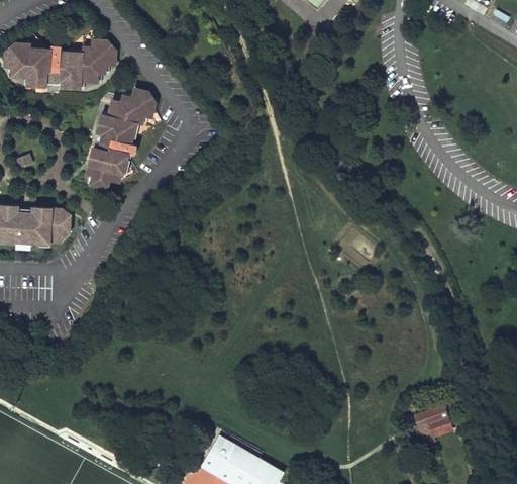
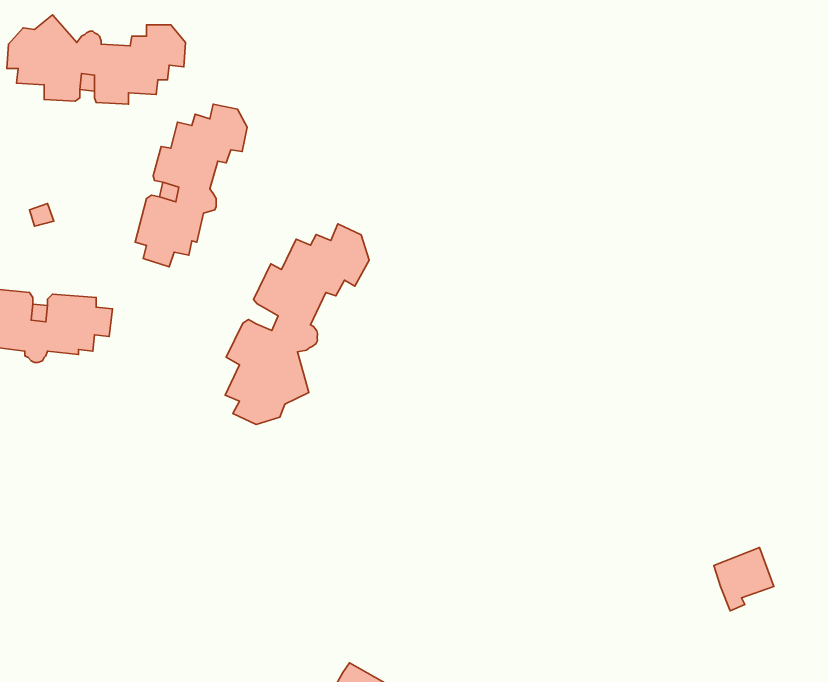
building: none -> [225,224,369,424]
building: [414,403,451,443] -> [714,548,774,611]

